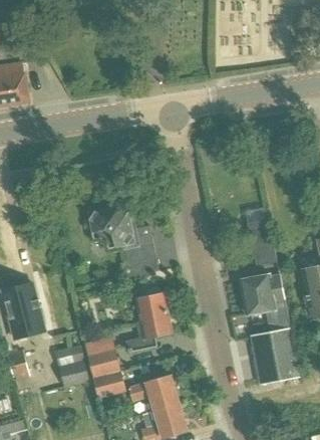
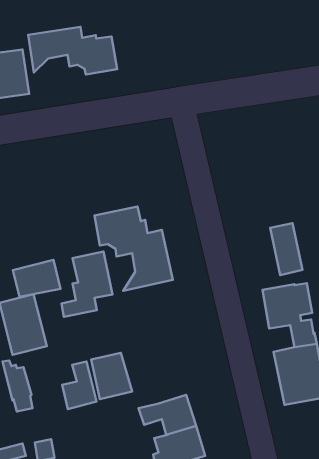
building: none -> [28,27,117,75]
building: none -> [13,260,60,297]
building: [125,293,172,353] -> [61,251,112,317]
building: [92,372,126,399] -> none

